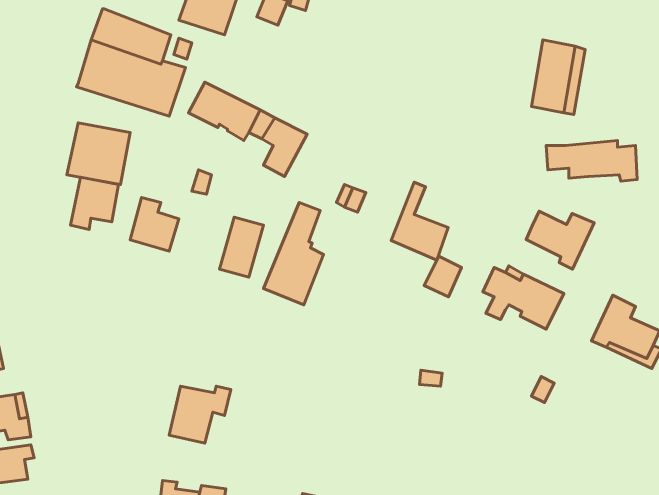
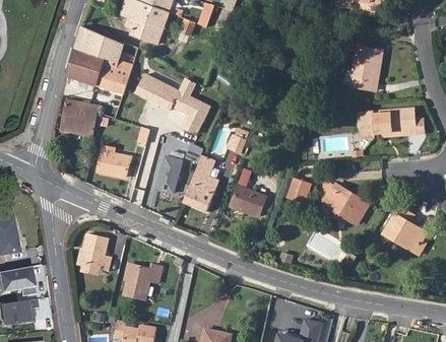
building: [70,177,119,230] -> none
building: [391,182,448,260] -> [229,168,264,217]
building: [526,211,594,269] -> none
building: none -> [80,227,111,266]

